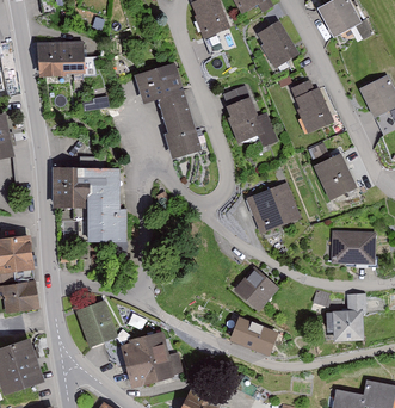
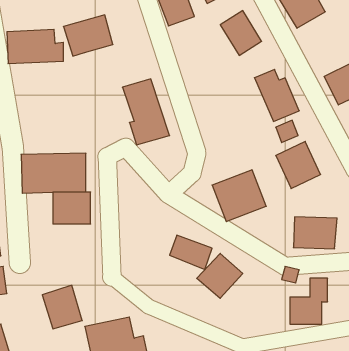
building: [135,61,185,103] -> [63,15,113,56]
building: [226,86,279,147] -> none
building: [235,319,278,353] -> [170,235,212,269]

